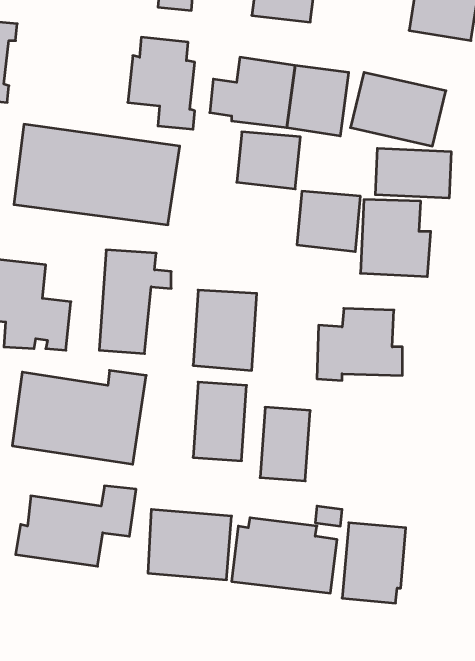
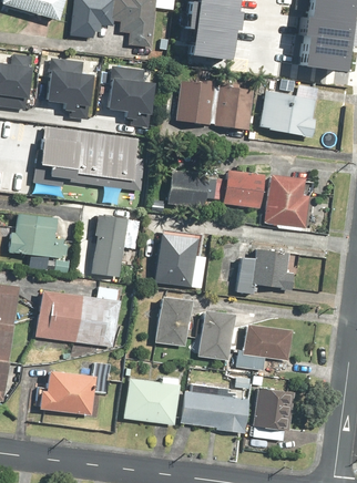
building: none -> [50,58,95,120]
building: [237,132,300,189] -> [166,171,208,208]
building: [375,148,451,198] -> none
building: none -> [236,323,290,370]

